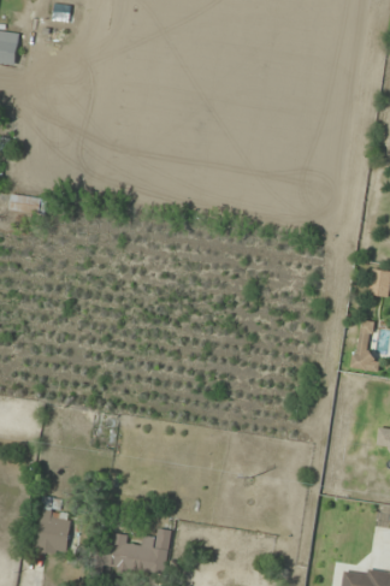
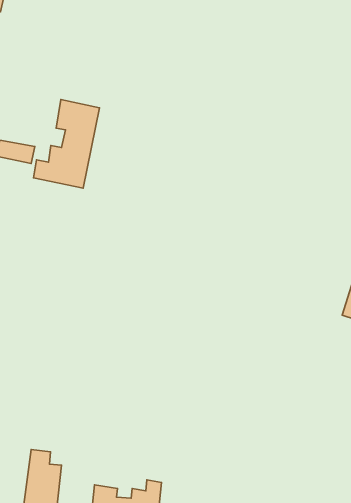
building: none -> [34,99,99,188]

